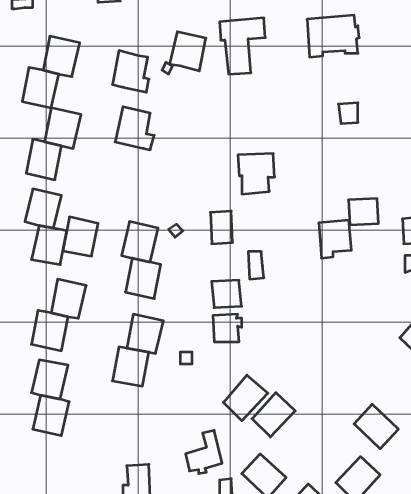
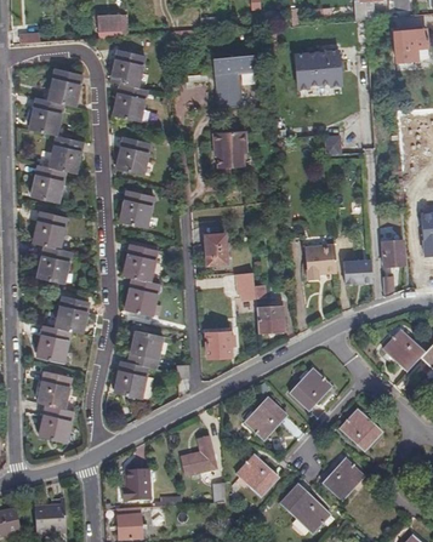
building: [169,32,206,71] -> [110,51,144,87]
building: [238,154,275,194] -> [212,127,246,165]
building: [348,199,378,225] -> [346,256,374,280]
building: [63,217,98,256] -> [120,189,153,226]
building: [212,280,242,308] -> [256,303,284,329]
building: [223,375,268,421] -> [287,370,329,412]

